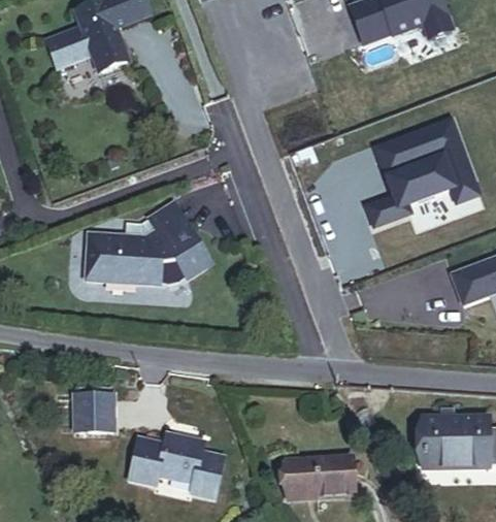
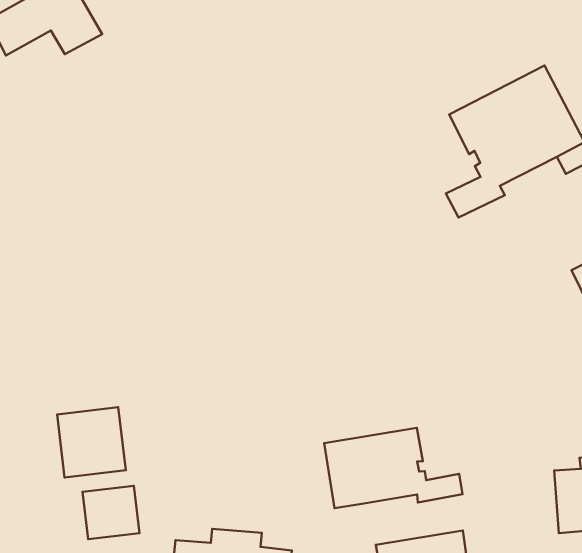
building: [86,203,214,286] -> none
building: none -> [57,407,126,477]
building: none -> [324,428,462,508]

